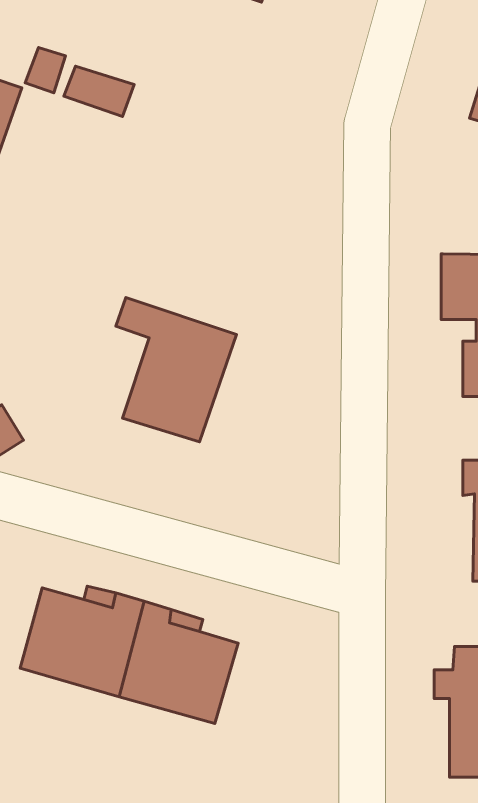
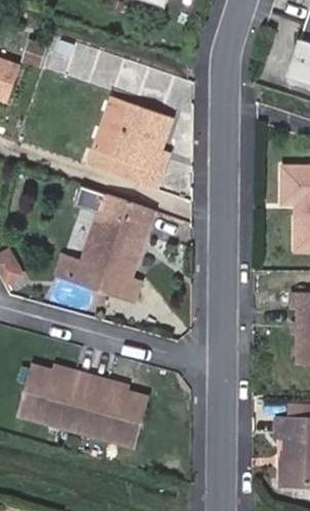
building: none -> [84,91,171,189]
building: none -> [55,257,140,302]

